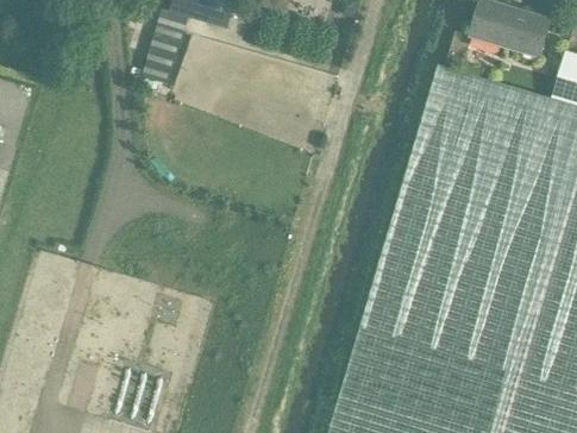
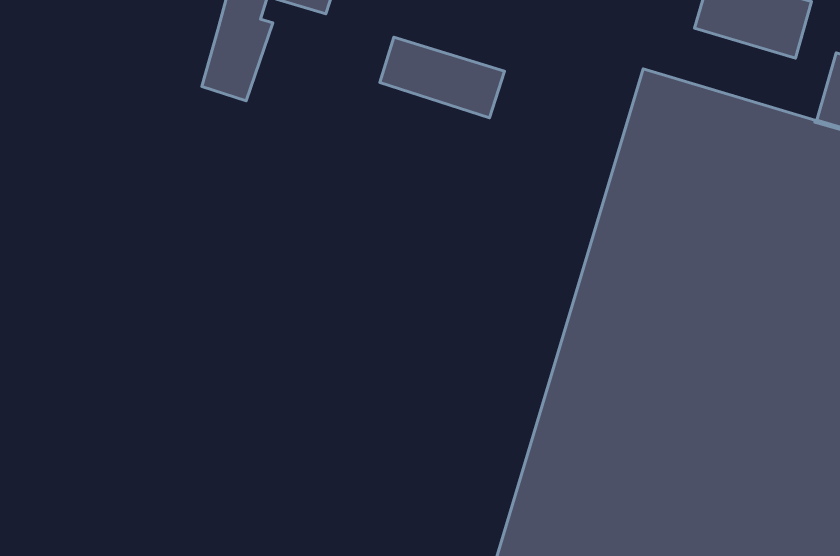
building: none -> [380,37,505,118]

